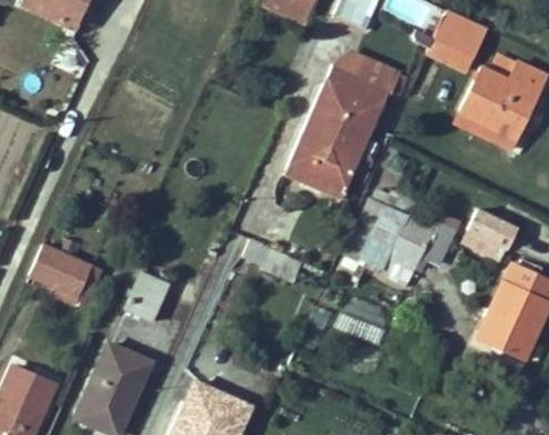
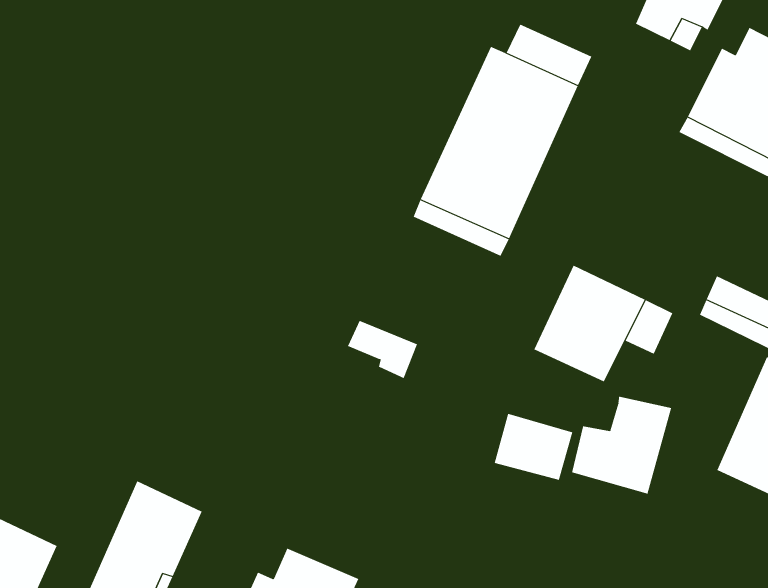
building: [29,244,94,296] -> none
building: [125,272,170,322] -> none
building: none -> [572,396,672,495]

